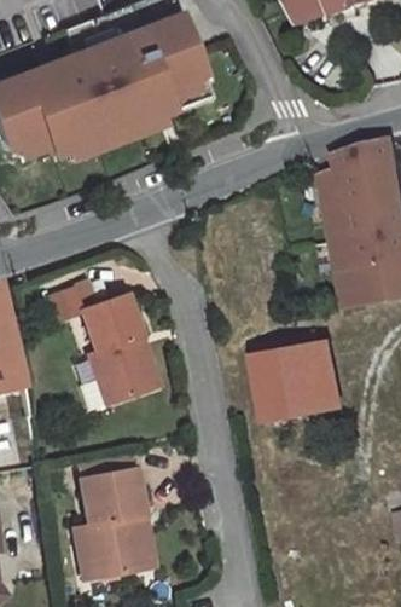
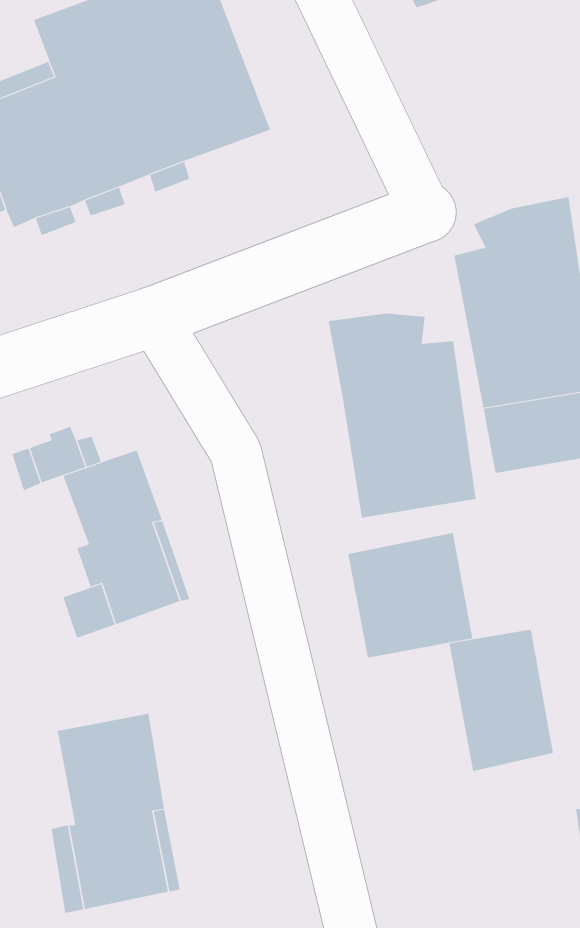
building: none -> [328,313,476,519]
building: none -> [449,629,553,772]

